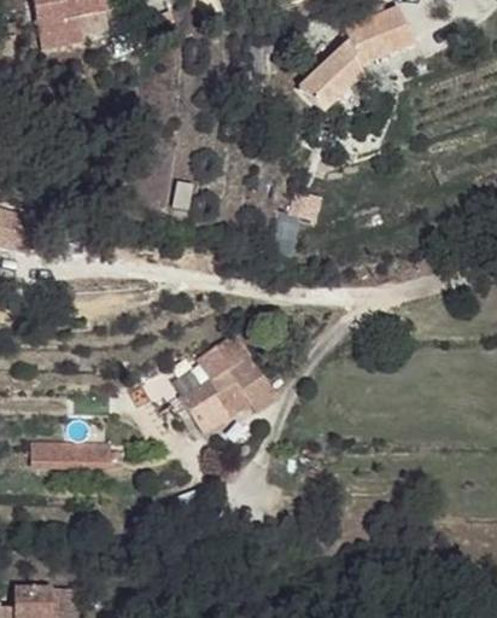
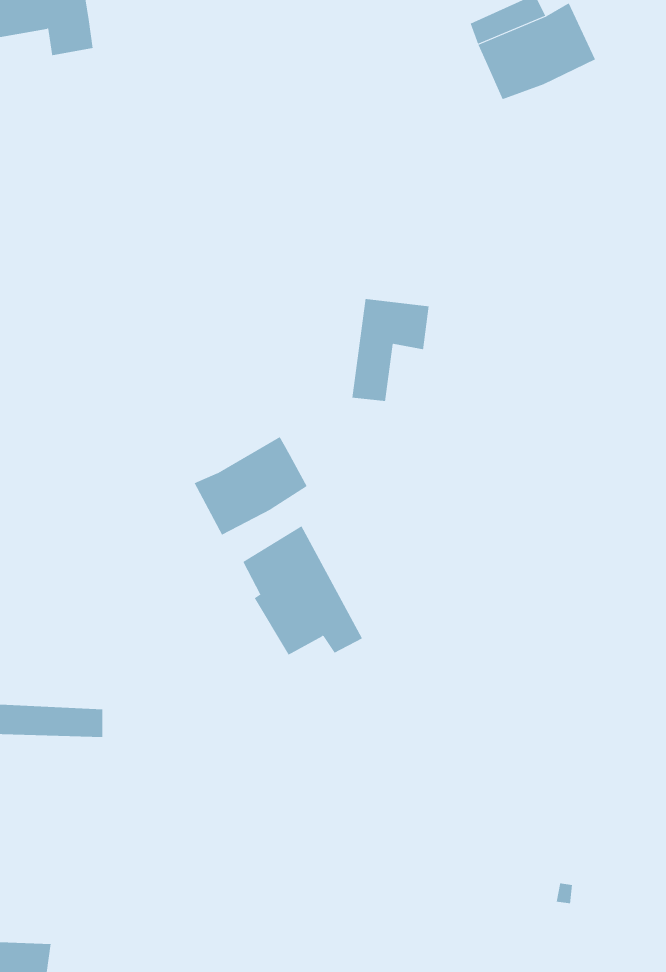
building: [300,40,387,115] -> none
building: none -> [194,436,308,536]
building: [181,379,226,430] -> none

